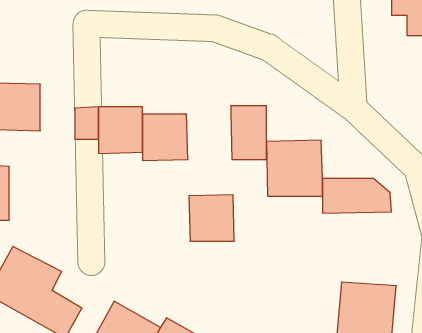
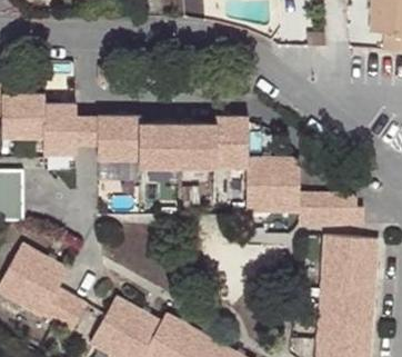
building: none -> [42,107,74,155]
building: [189,195,234,241] -> [179,122,221,166]
building: none -> [323,226,379,284]

